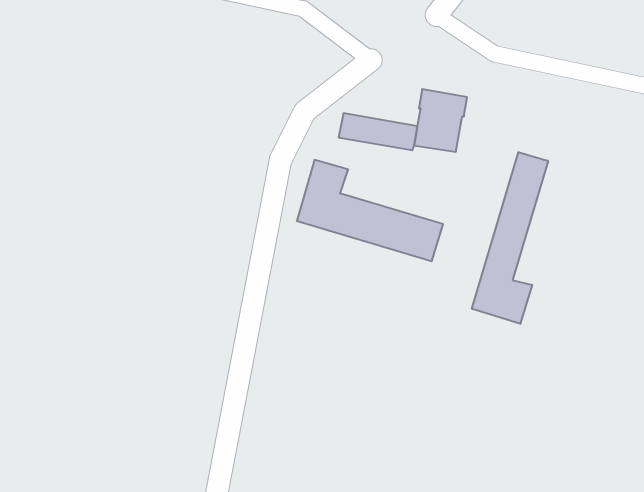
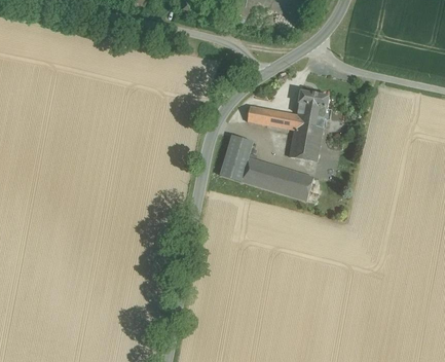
building: none -> [289,125,322,160]
building: [472,152,548,324] -> none

